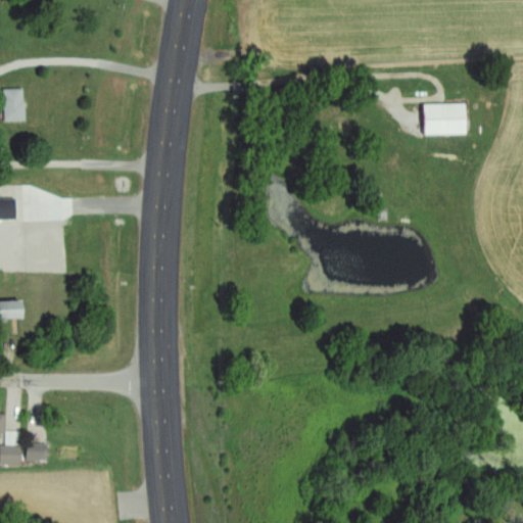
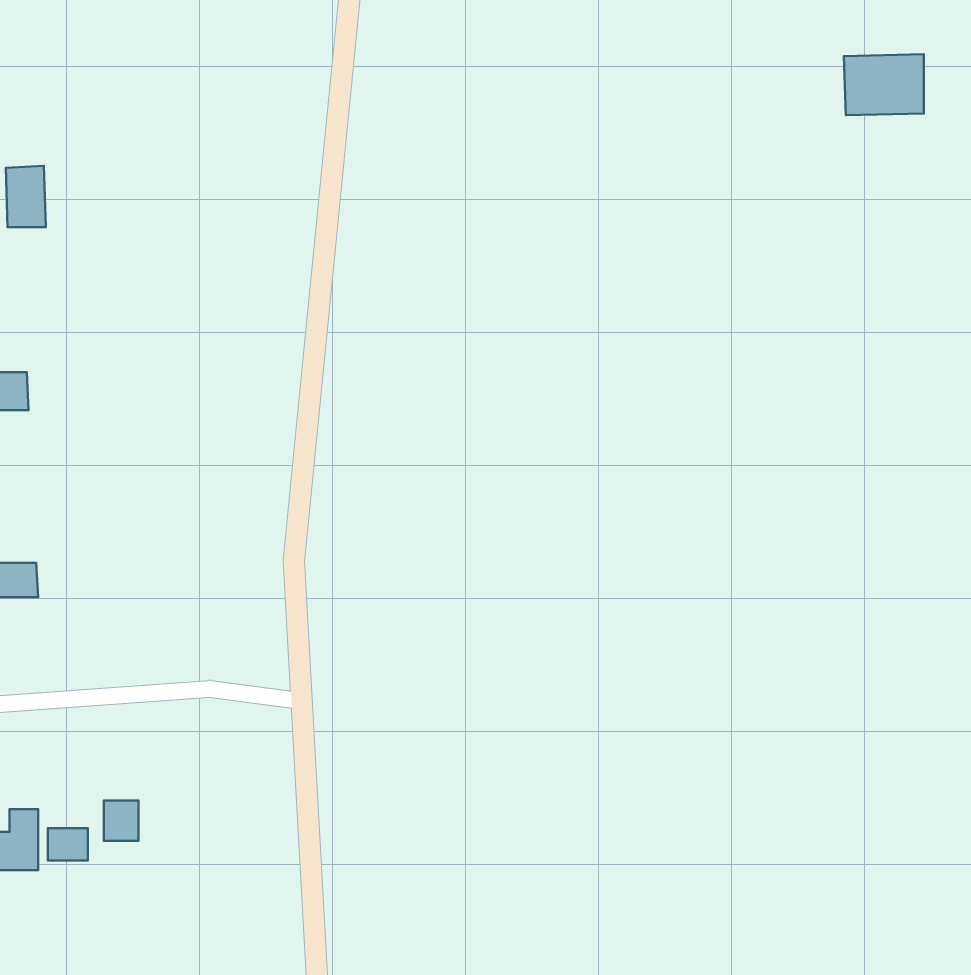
building: [422,103,465,136] -> [844,54,924,115]
building: none -> [104,800,138,841]

